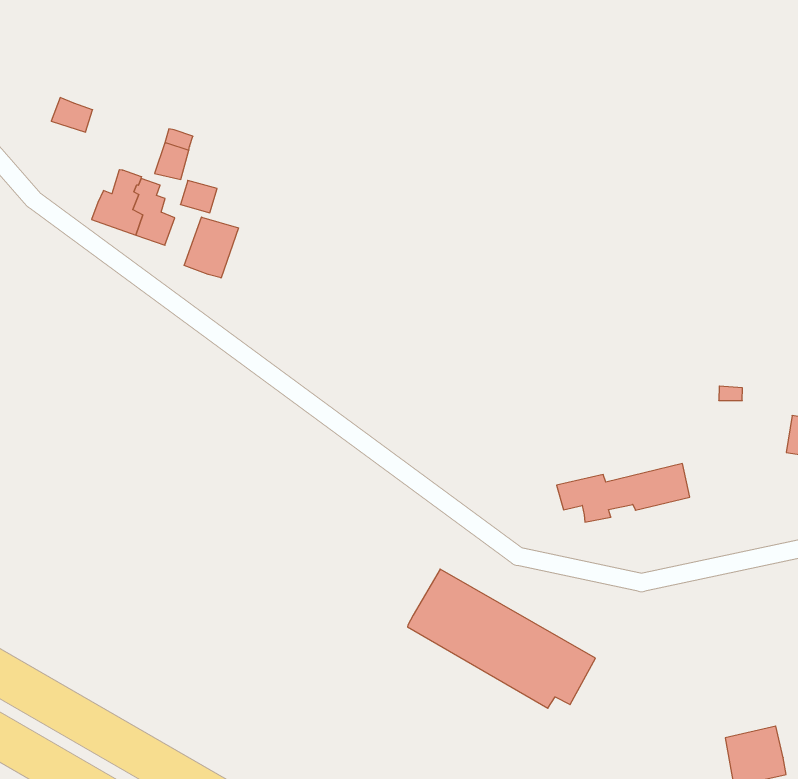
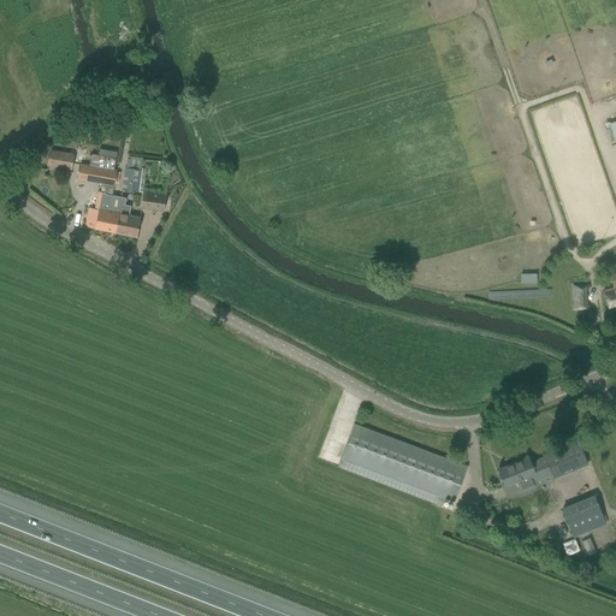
building: none -> [77,153,118,184]
building: [184,217,239,278] -> none
building: [557,464,690,522] -> [498,442,588,491]

